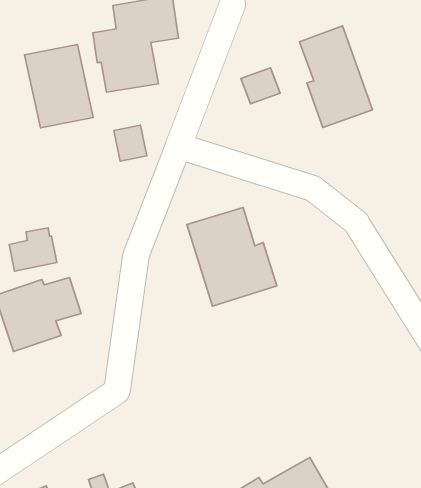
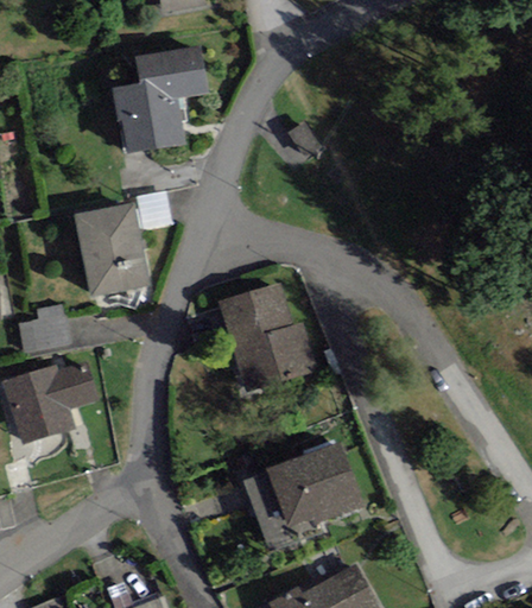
building: [300,26,373,128] -> none
building: [24,44,93,128] -> [74,202,151,296]
building: none -> [243,442,362,544]

